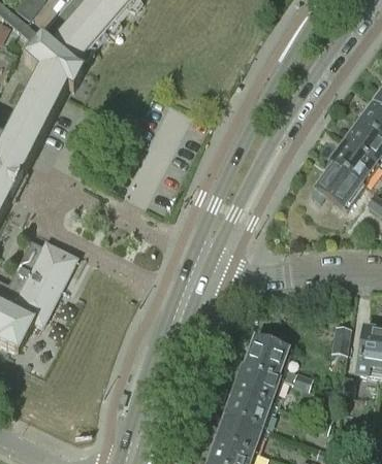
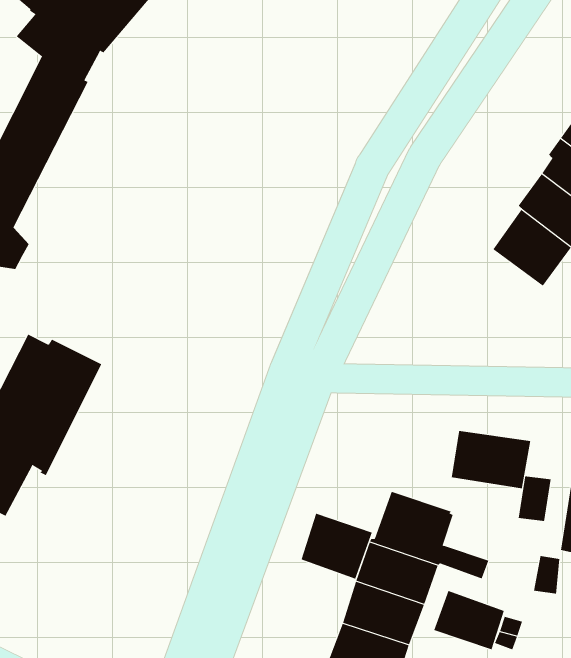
building: none -> [451,430,531,489]
building: none -> [301,513,373,580]
building: none -> [434,590,504,650]

